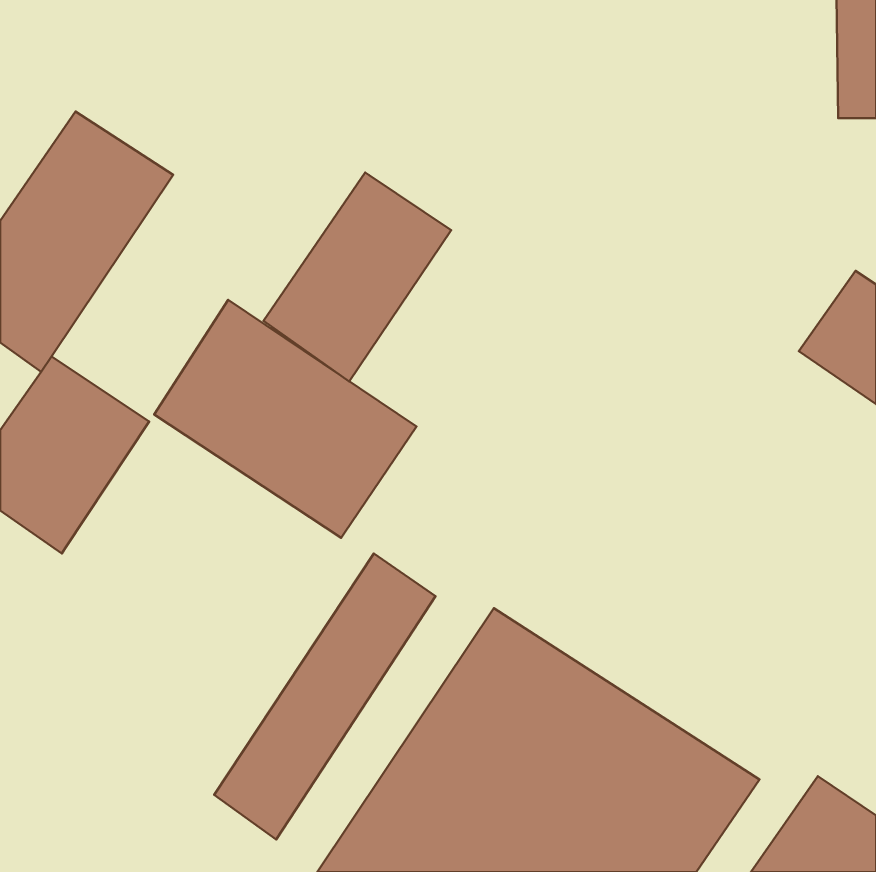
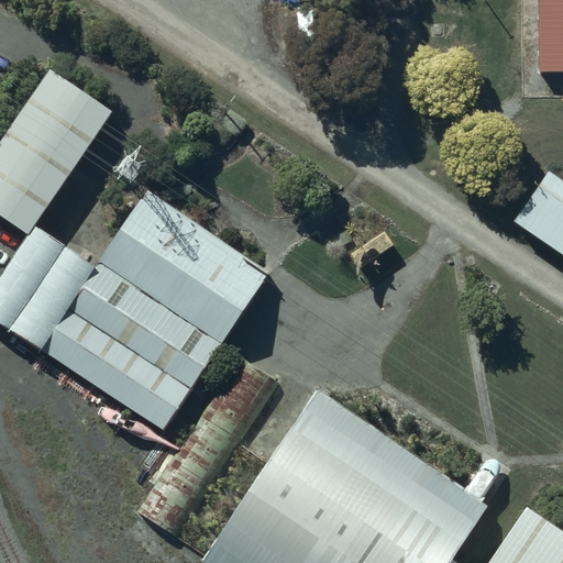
building: [264,173,451,381] -> none
building: none -> [42,266,219,431]

